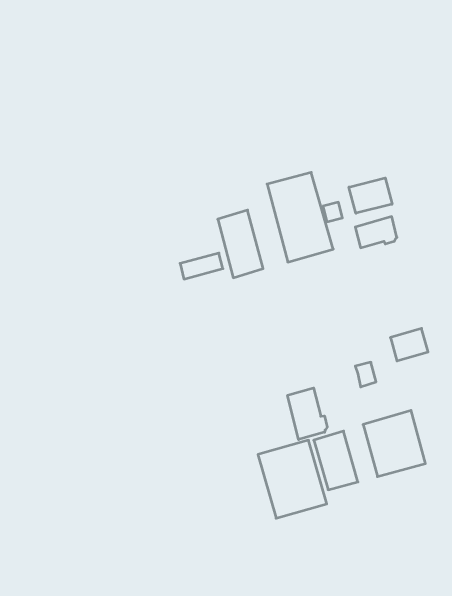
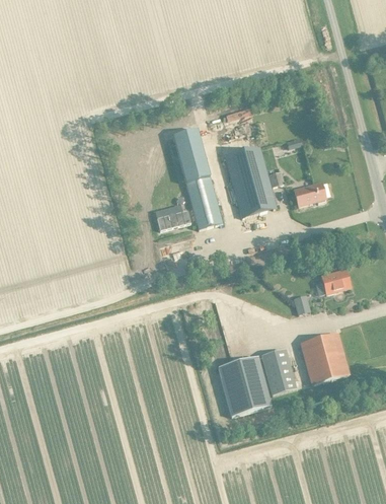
building: none -> [173,128,212,183]
building: [349,178,392,213] -> none
building: [288,388,327,440] -> none

